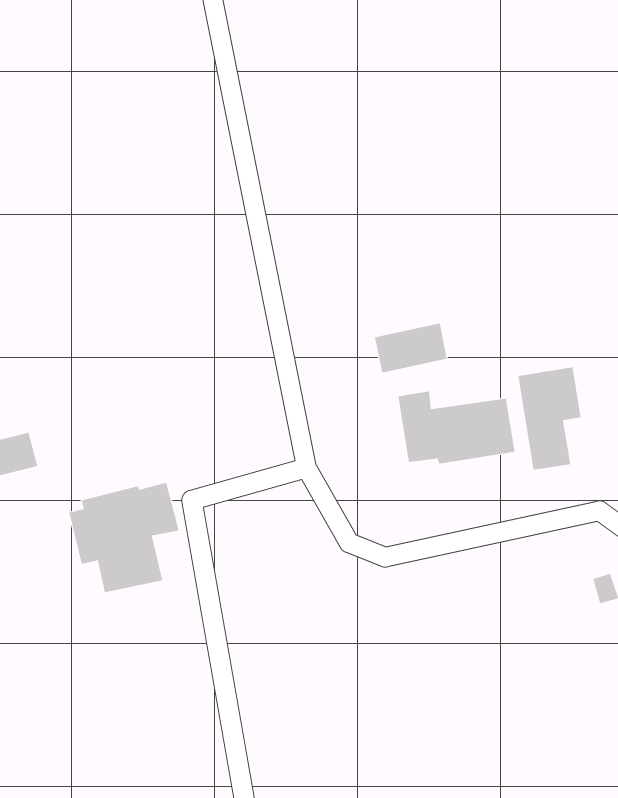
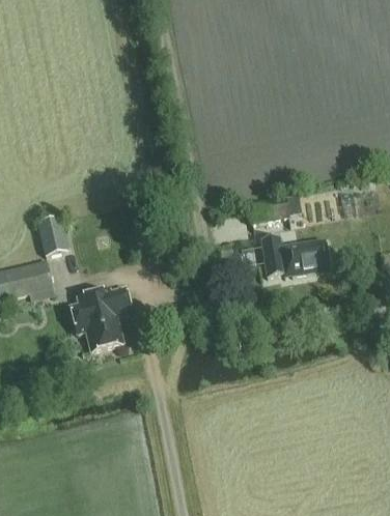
building: none -> [36,214,68,254]
building: [518,367,581,470] -> none

